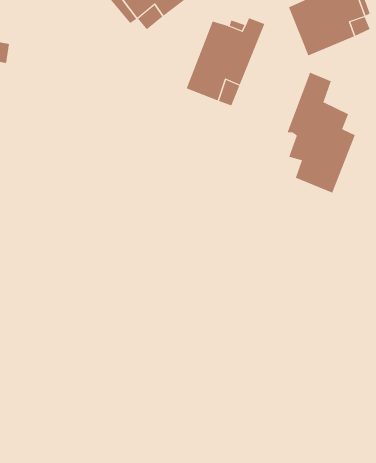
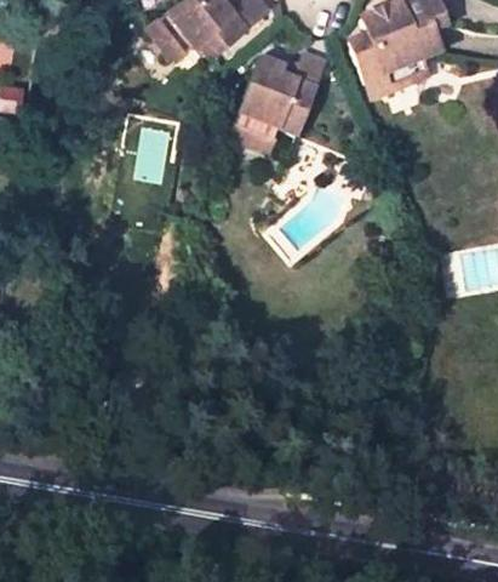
building: [287,72,355,194] -> none

